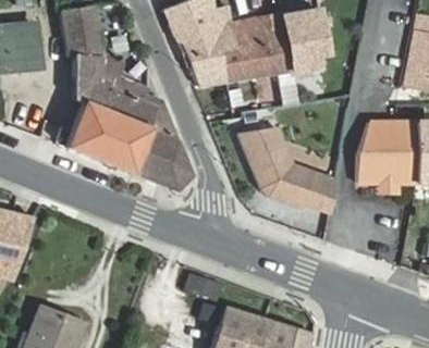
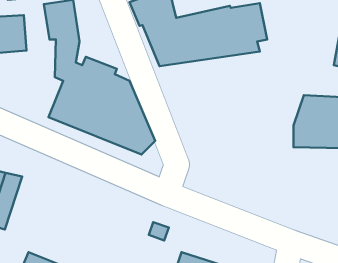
building: [238,126,335,212] -> none

